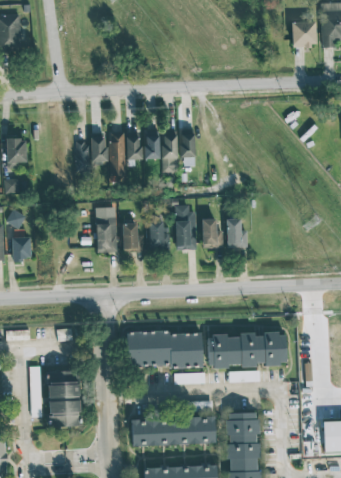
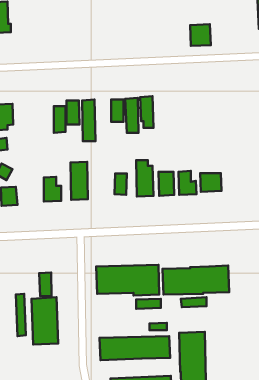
building: [292,21,317,47] -> [190,24,211,46]
building: [126,131,143,160] -> none
building: none -> [200,173,222,192]
building: [123,223,144,253] -> [44,177,61,202]
building: none -> [39,273,51,296]

